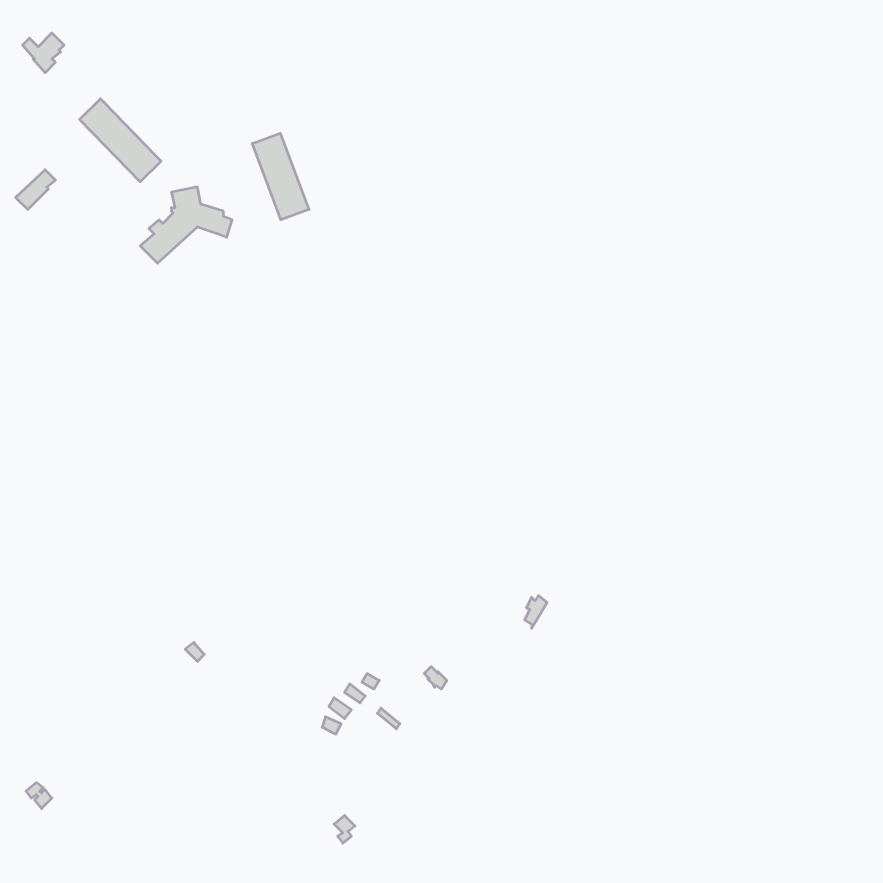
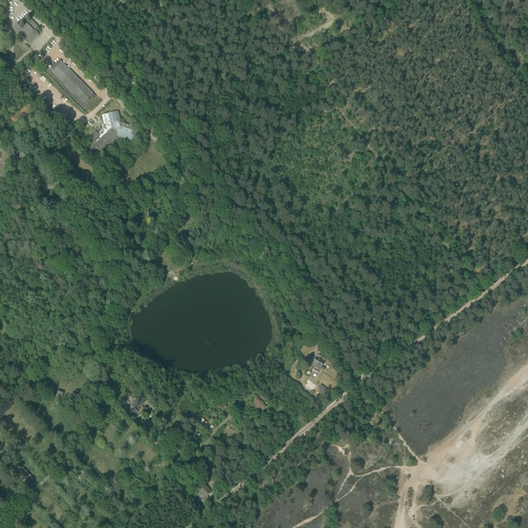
building: [252,133,309,220] -> none

